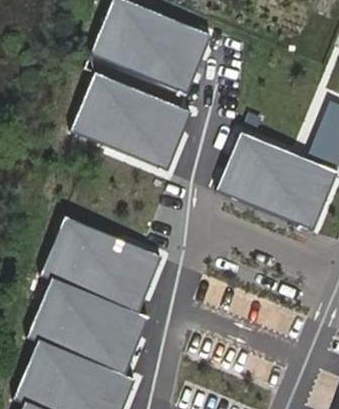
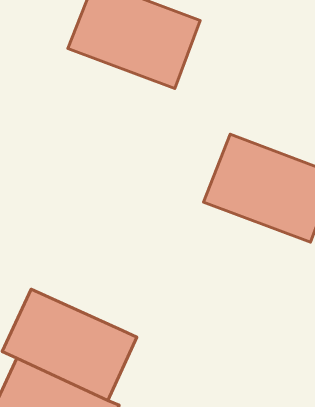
building: [67,73,187,171] -> none
building: [45,206,165,308] -> none

